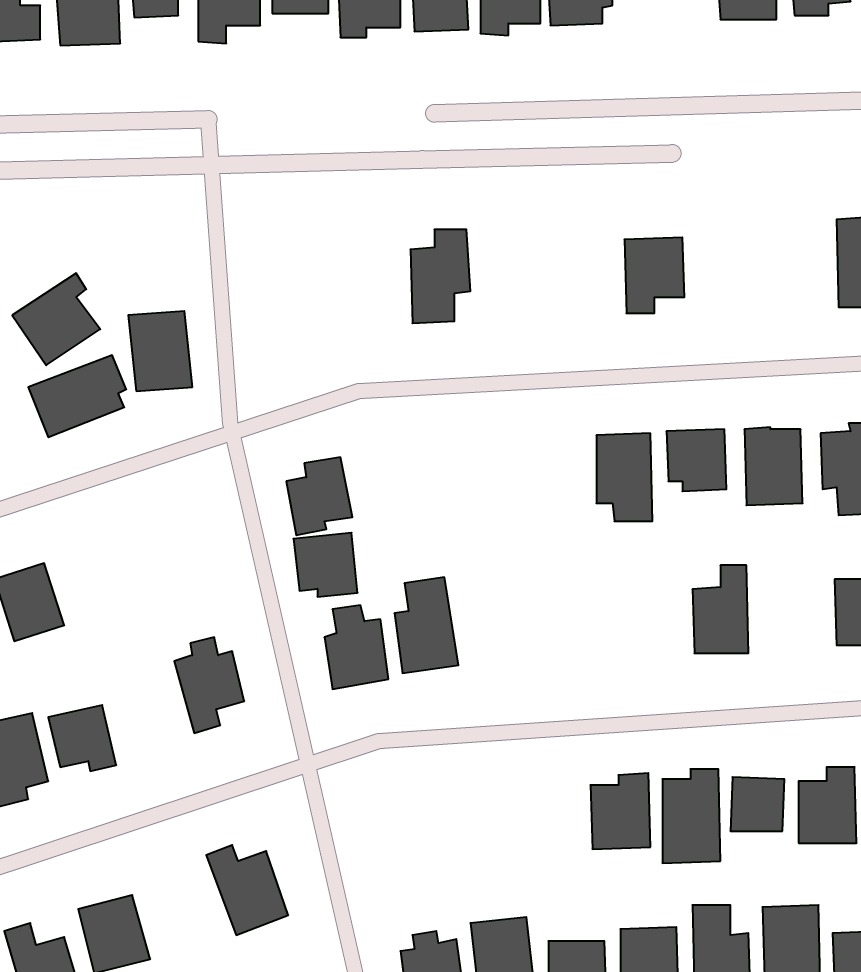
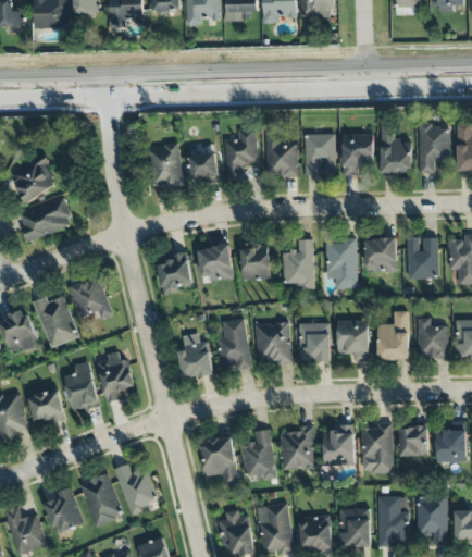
building: none -> [419,124,450,172]
building: none -> [381,125,412,173]
building: none -> [305,134,335,174]
building: none -> [265,135,297,176]
building: none -> [190,152,219,184]
building: [128,311,192,391] -> [148,144,183,187]
building: none -> [283,238,313,286]
building: none -> [241,243,270,280]
building: none -> [70,276,112,319]
building: [293,533,358,597] -> [198,245,233,280]
building: none -> [33,295,78,347]
building: none -> [417,318,448,358]
building: none -> [337,320,369,360]
building: none -> [256,322,291,363]
building: none -> [300,322,331,361]
building: none -> [64,361,99,410]
building: none -> [281,425,316,469]
building: none -> [241,429,276,481]
building: none -> [201,436,238,485]
building: none -> [79,473,123,527]

